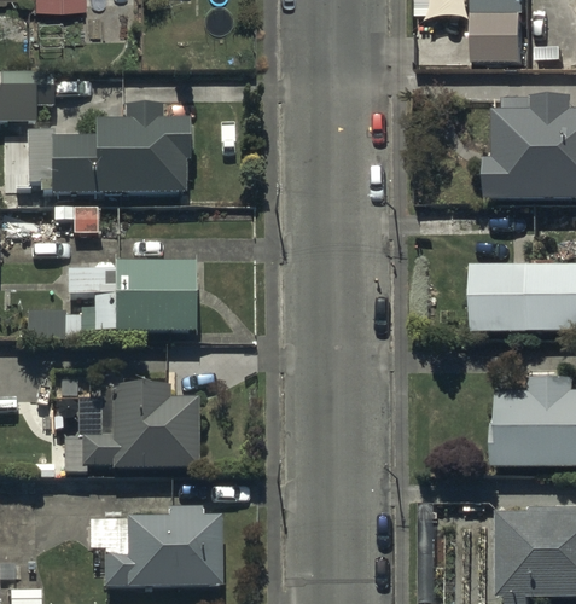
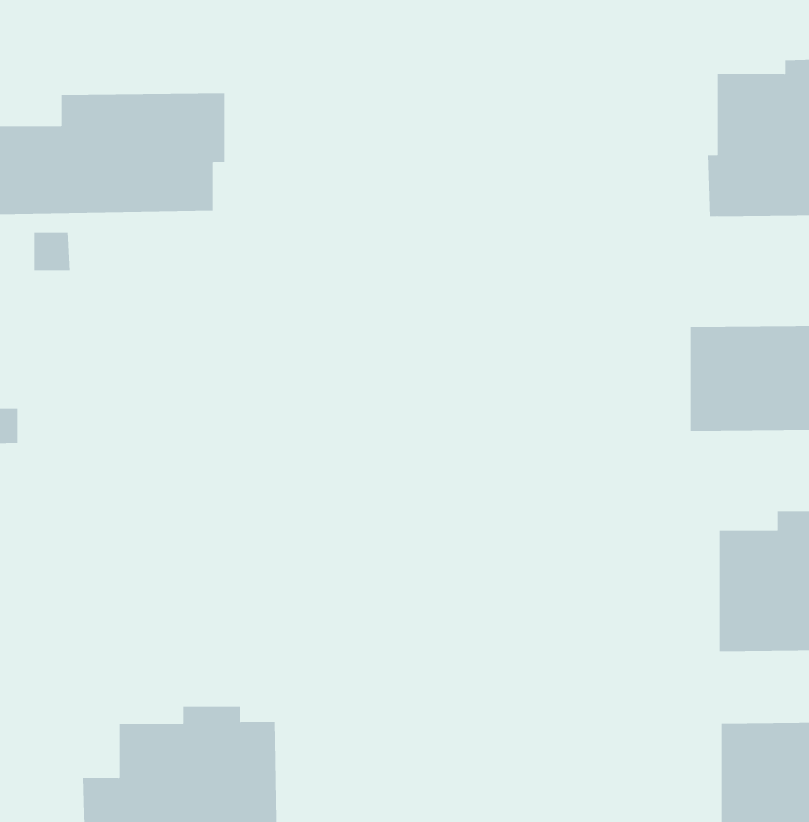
building: [62,263,194,332] -> none
building: [78,385,197,467] -> none

